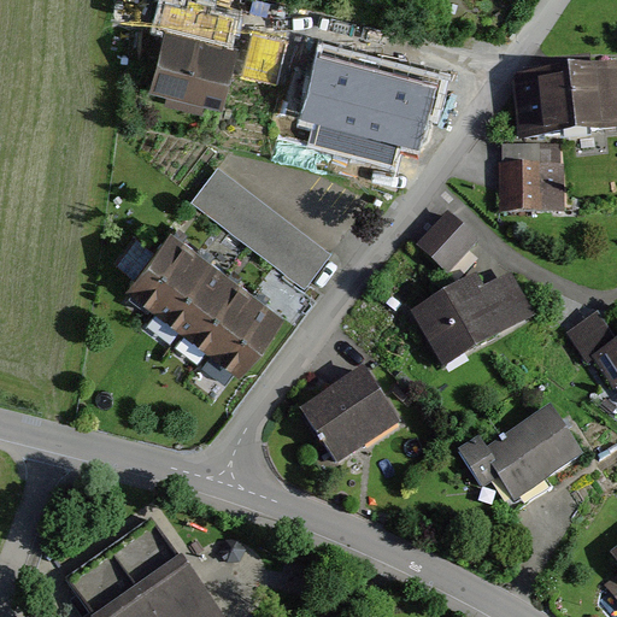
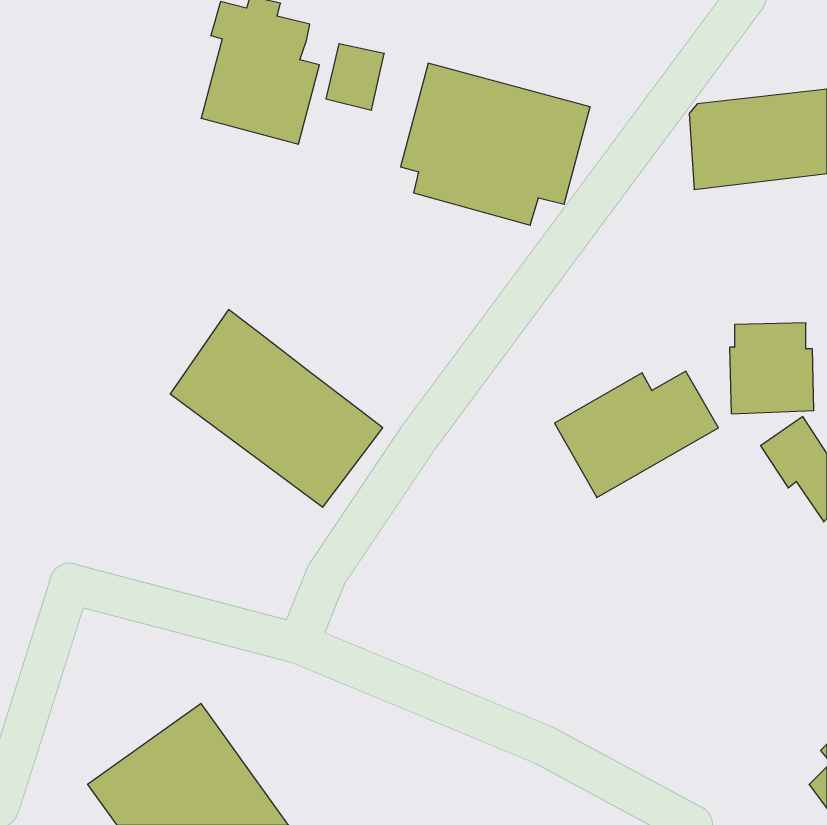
building: [499,145,562,212] -> [730,323,814,414]
building: [190,165,327,283] -> none
building: [417,217,475,274] -> none
building: [299,364,400,463] -> none
building: [457,401,584,499] -> none

